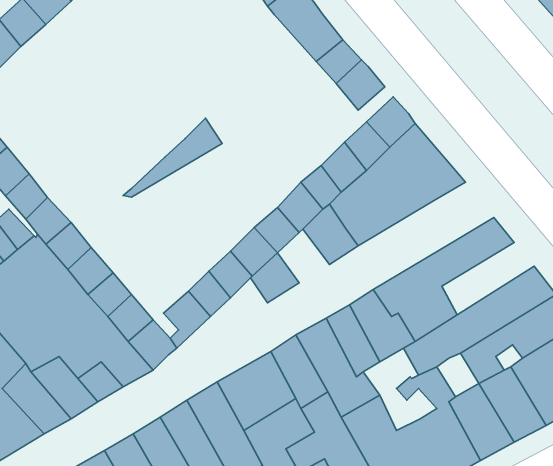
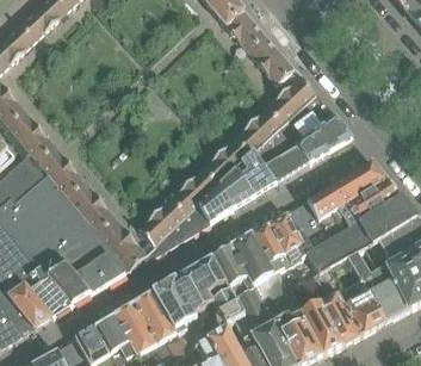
building: [123,118,222,197] -> [141,203,211,259]
building: none -> [218,168,255,206]
building: none -> [335,178,401,229]

